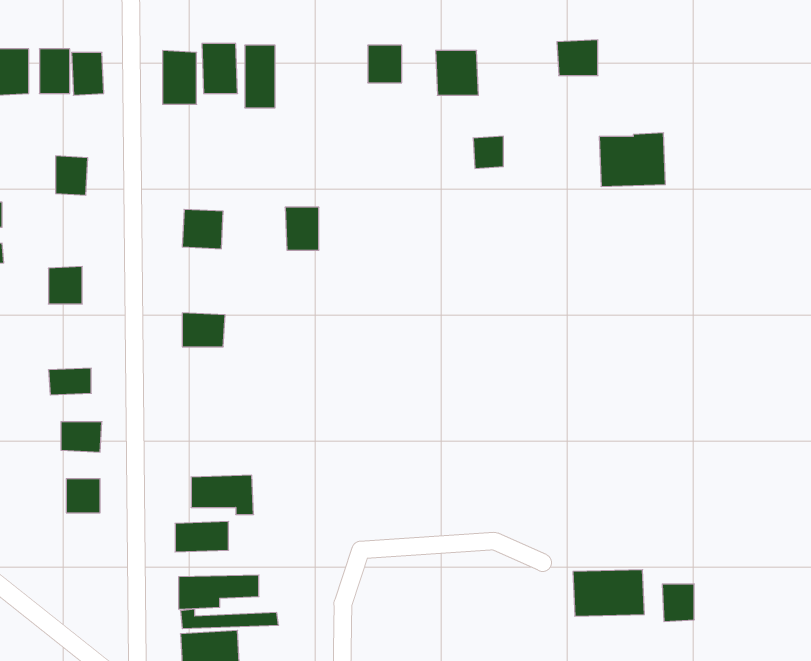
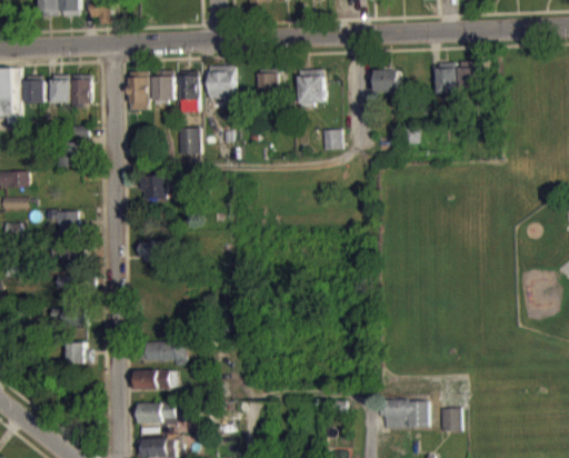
building: none -> [208,64,234,102]
building: [599,133,665,186] -> [435,60,476,93]
building: [285,207,319,250] -> [178,128,199,155]

